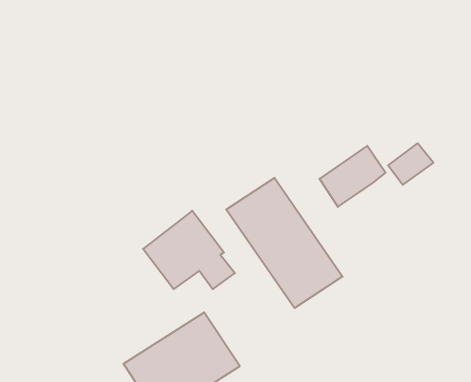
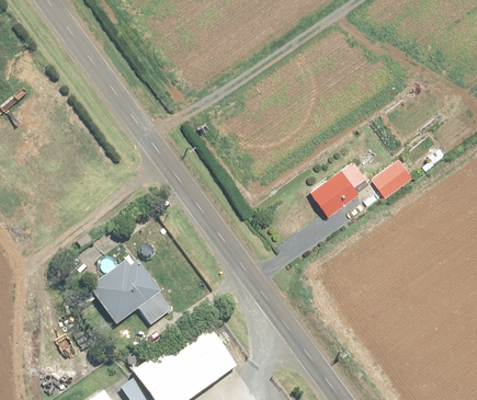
building: [226,178,343,308] -> none
building: [143,211,235,289] -> [88,263,170,333]

